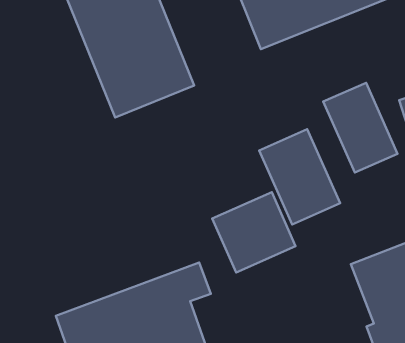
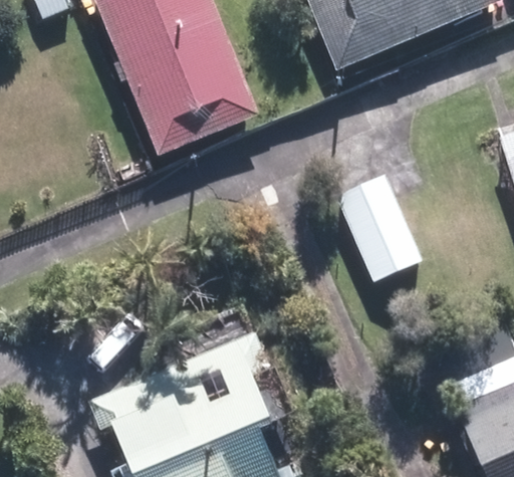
building: [323,83,398,173] -> none
building: [212,192,296,273] -> none

